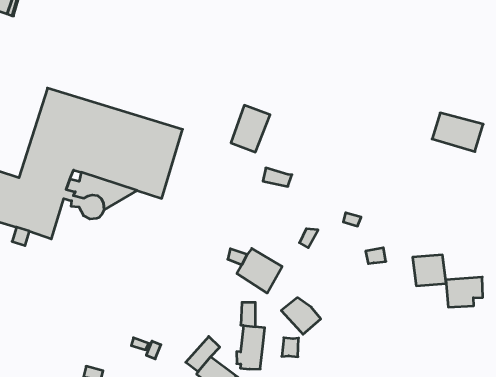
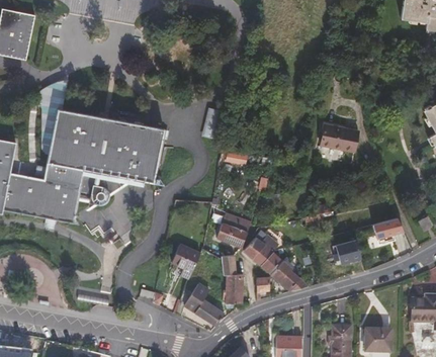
building: [432,113,483,152] -> [321,125,358,152]
building: [413,255,446,286] -> [335,238,362,263]
building: none -> [242,232,276,258]
building: none -> [172,244,199,278]
building: none -> [270,258,307,292]

